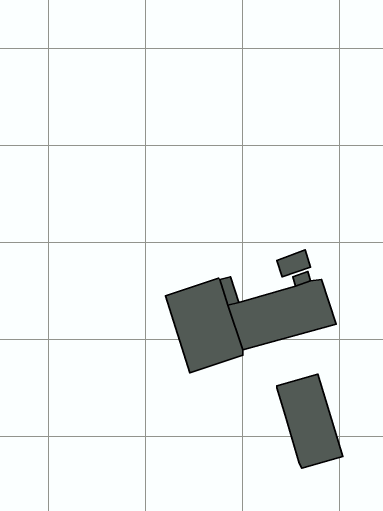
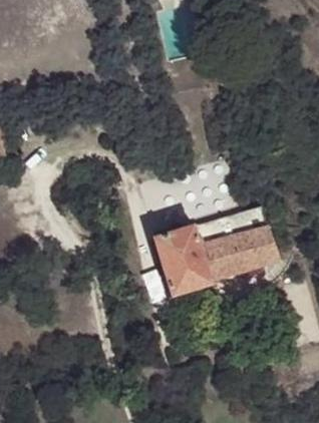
building: [277,374,343,468] -> none

